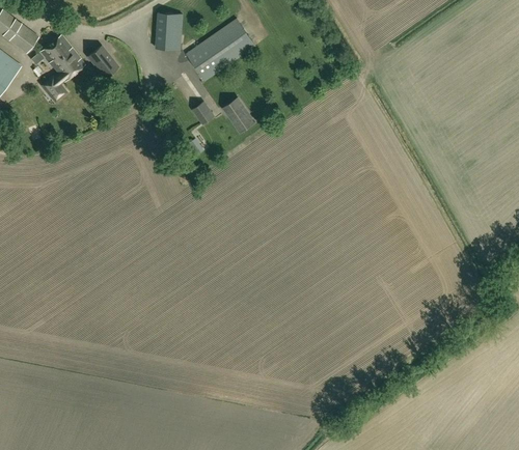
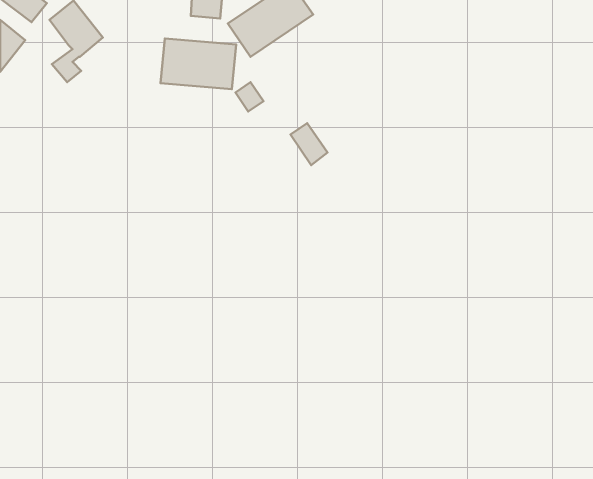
building: [89,46,118,77] -> none
building: none -> [161,38,236,89]
building: [224,97,254,132] -> [291,123,328,165]

